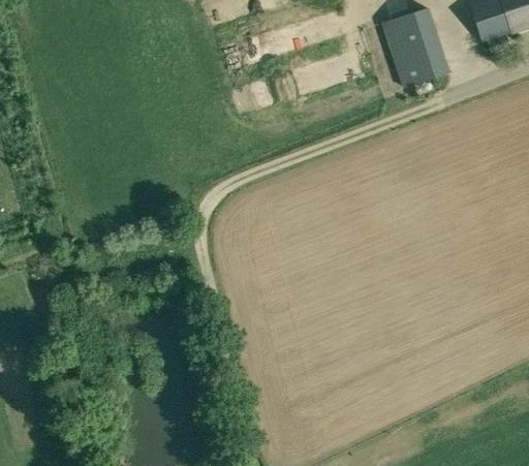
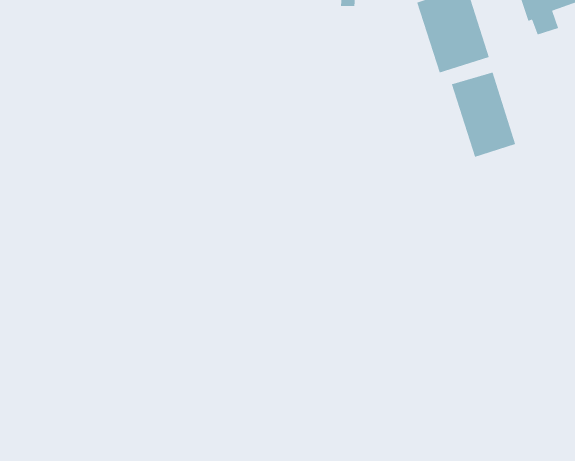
building: none -> [451,72,516,158]

